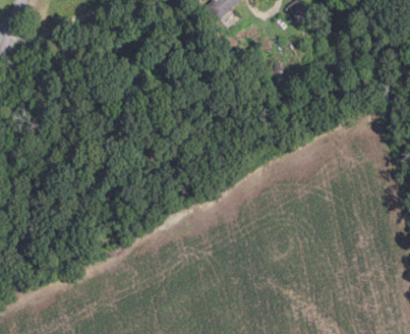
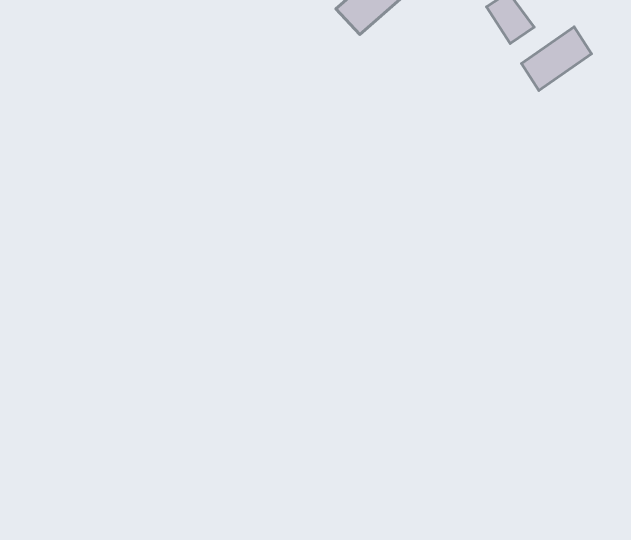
building: none -> [521,27,592,90]

